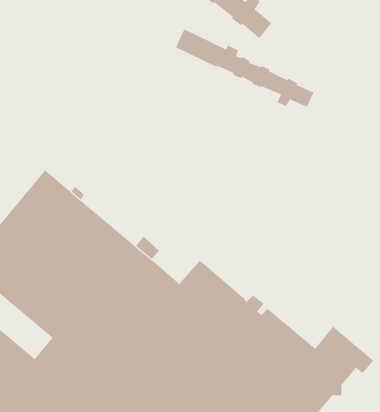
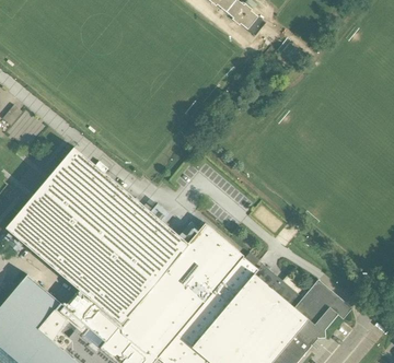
building: [175,29,314,108] -> none

